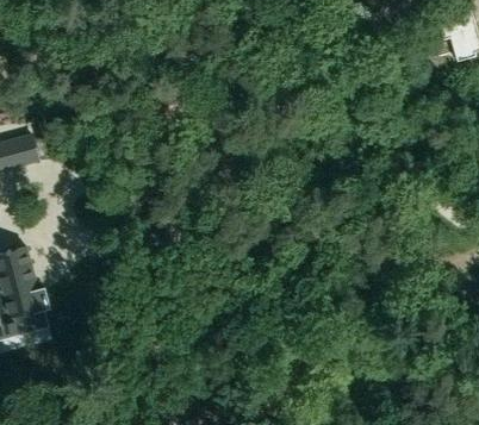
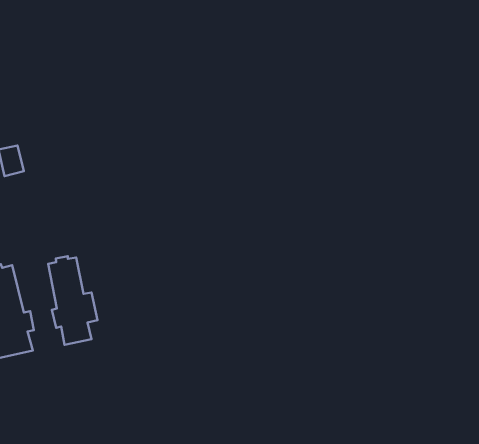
building: none -> [48,256,98,345]

